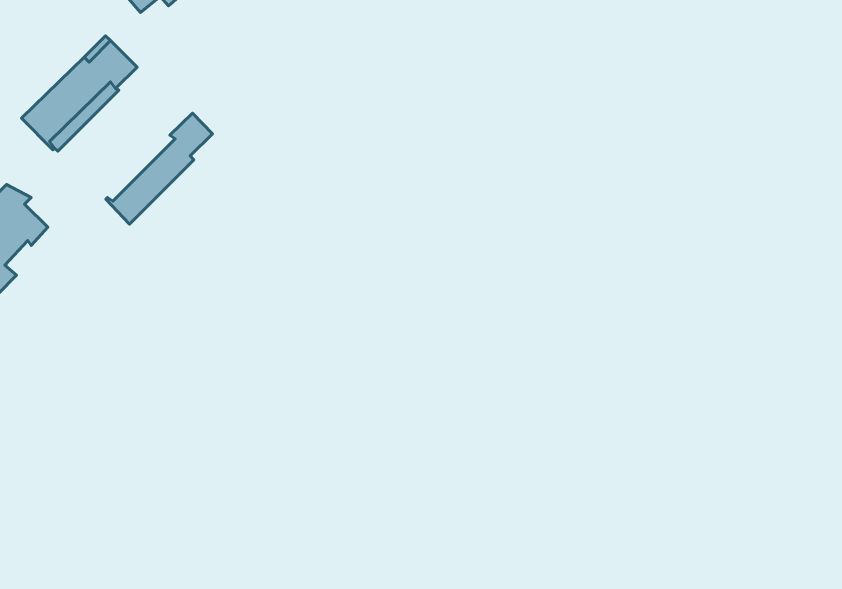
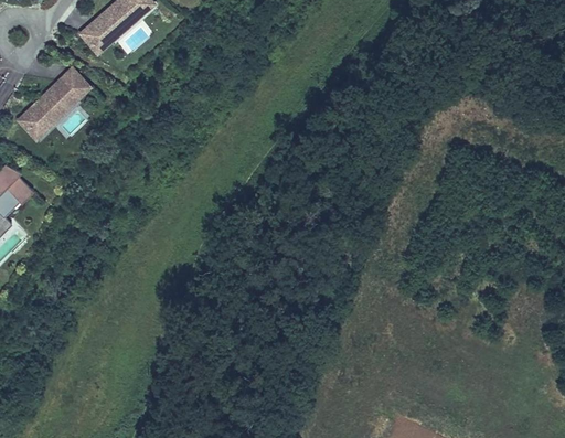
building: [106,113,213,224] -> none

